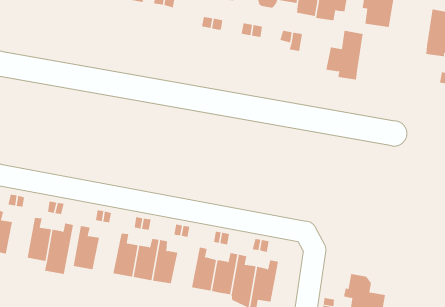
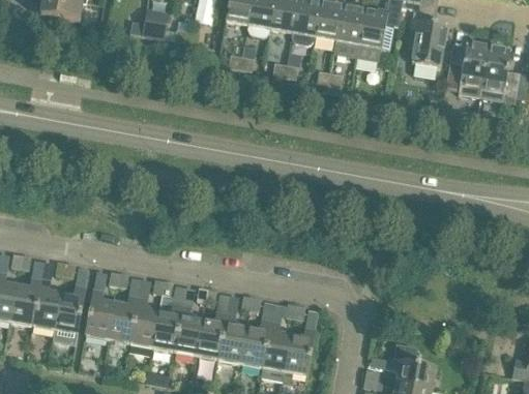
building: [326,30,363,80] -> [444,41,487,97]
building: none -> [9,277,40,325]
building: none -> [107,295,138,342]
building: none -> [195,311,226,358]

